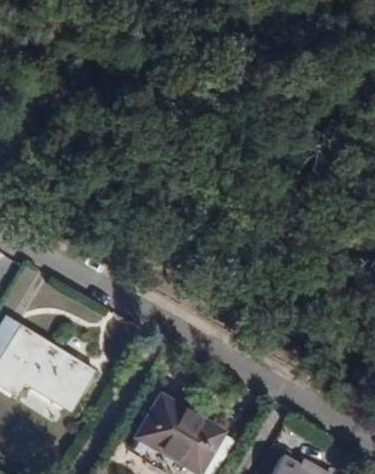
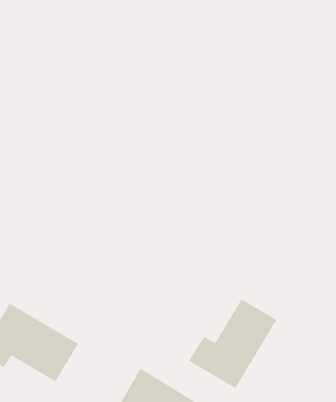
building: none -> [188,298,277,389]

